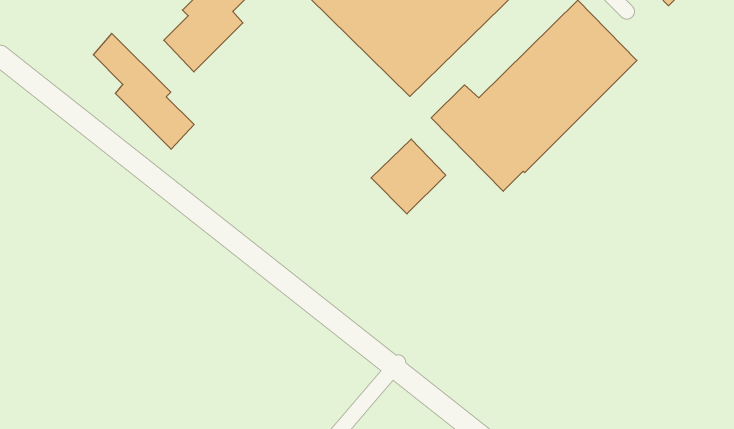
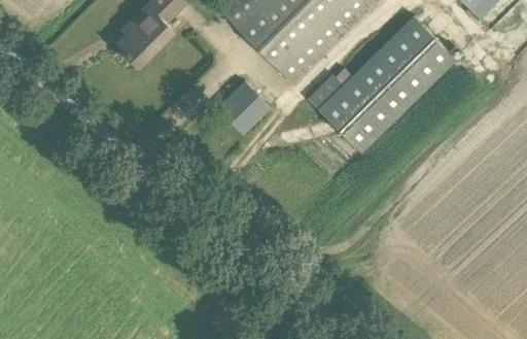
building: [93,33,194,149] -> none
building: [371,139,446,214] -> [216,81,270,135]

